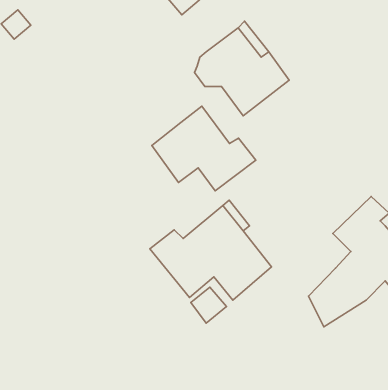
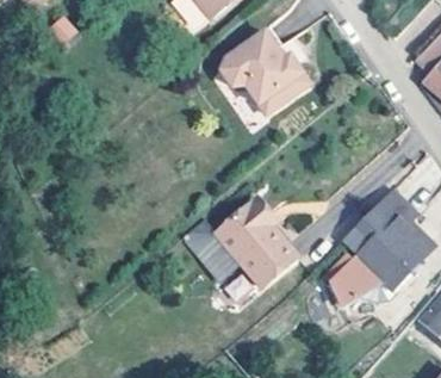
building: [152,106,256,191] -> none

